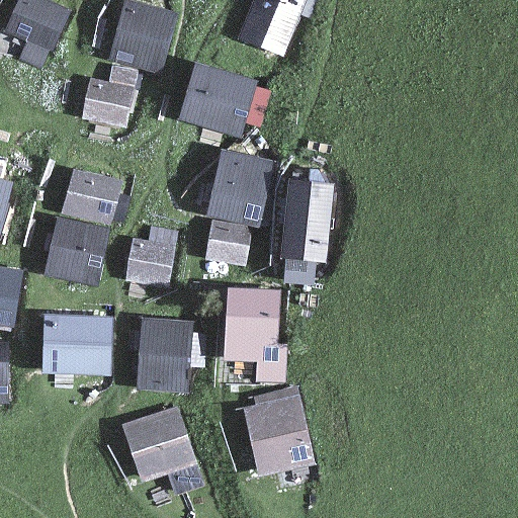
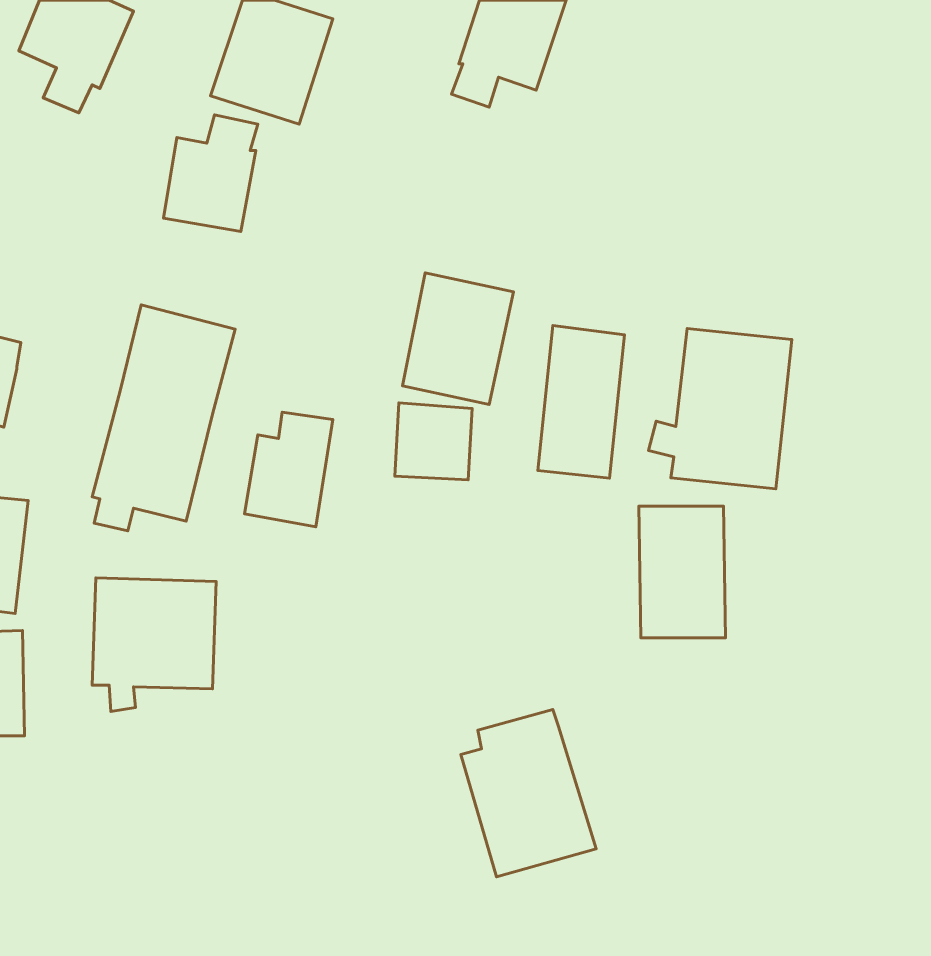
building: [191,62,271,131] -> none
building: none -> [648,329,792,489]
building: [236,286,282,357] -> [639,506,725,638]
building: [146,319,192,387] -> none
building: [126,405,204,491] -> none

